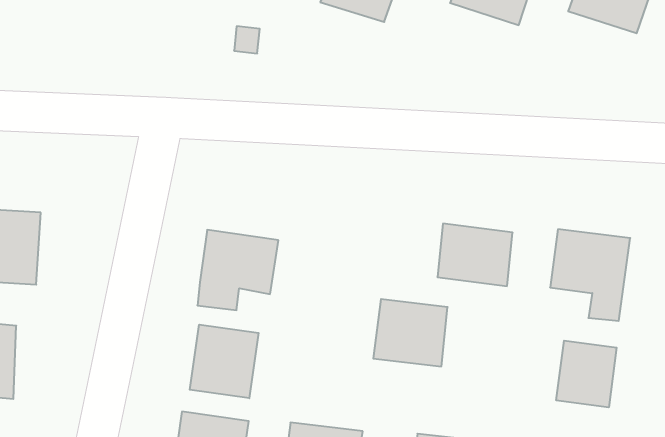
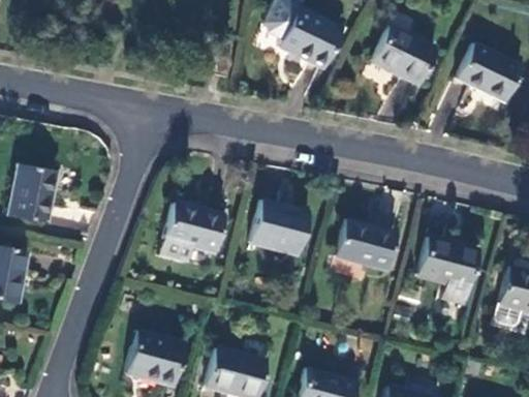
building: [373,299,448,366] -> [249,200,308,254]
building: [190,325,259,398] -> none
building: [556,341,617,407] -> none

